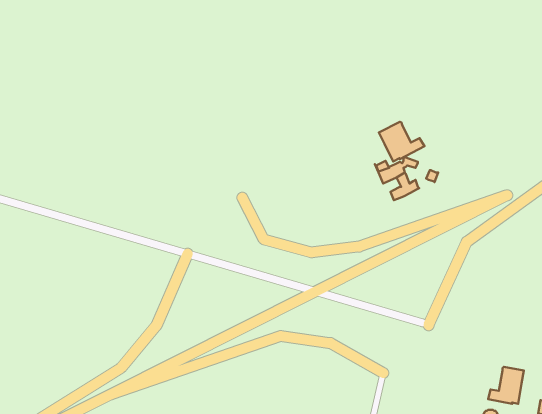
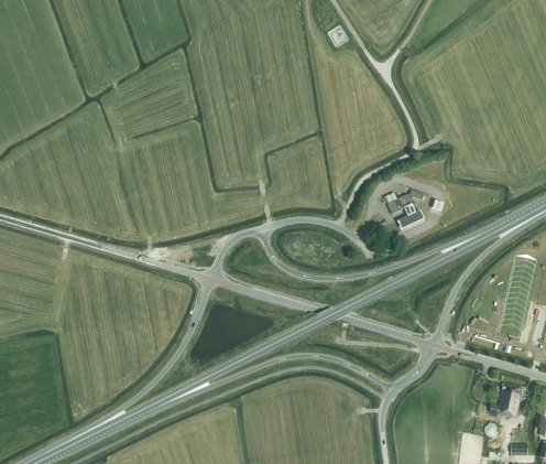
building: [379,122,425,161] -> none

